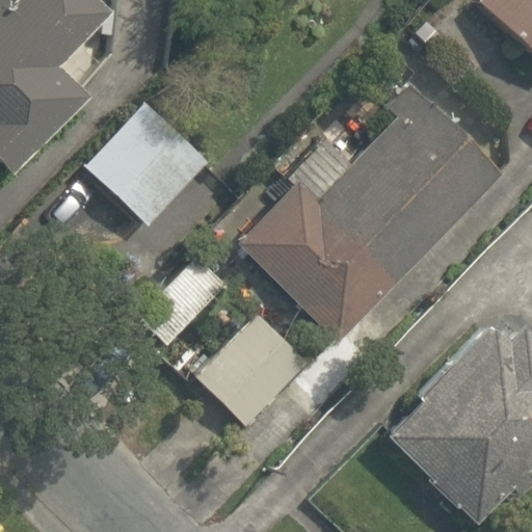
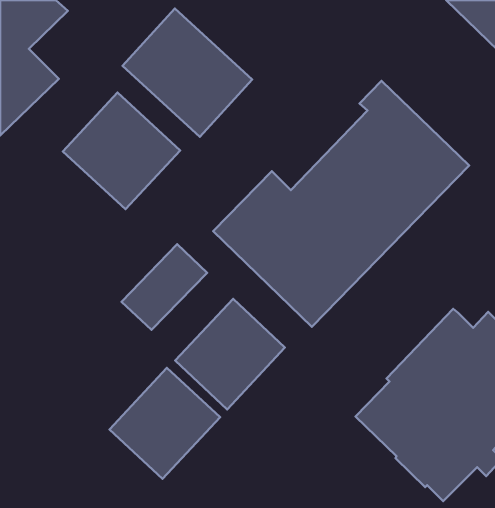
building: none -> [123,9,252,137]
building: none -> [109,368,220,479]

